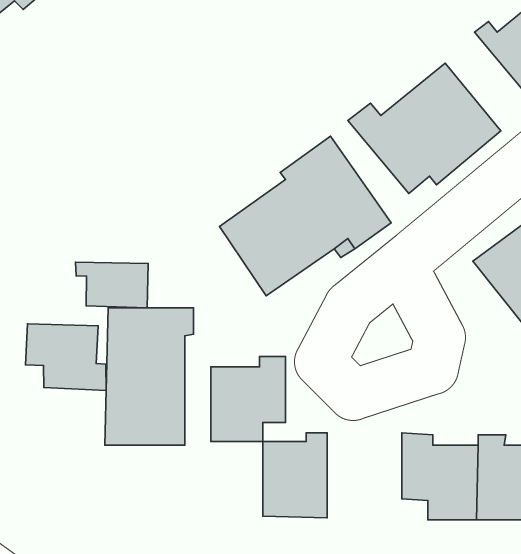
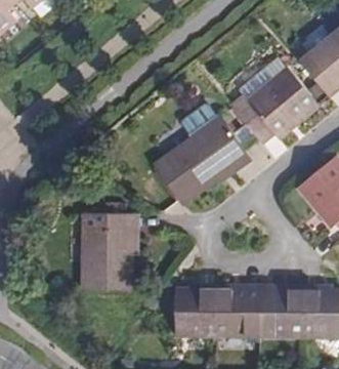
building: [76,262,148,308] -> none
building: [25,324,106,390] -> none
building: [211,357,285,442] -> [210,284,254,334]

